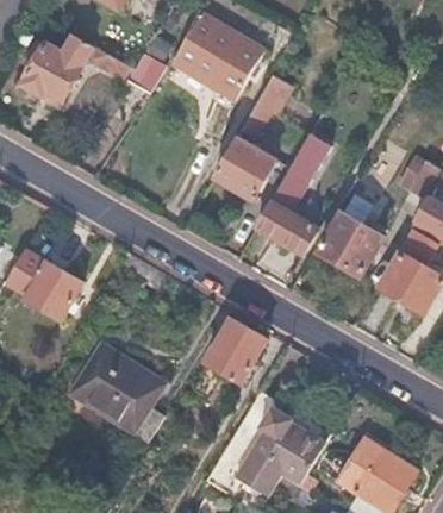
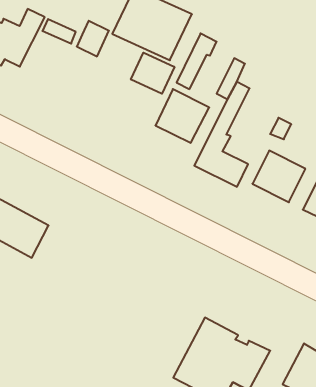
building: none -> [131,53,174,94]
building: [208,321,268,384] -> none
building: [69,343,166,444] -> none

